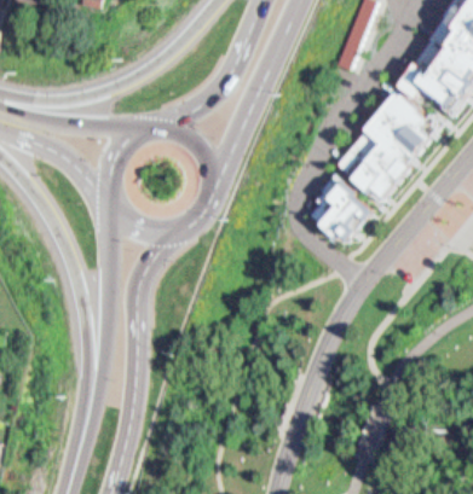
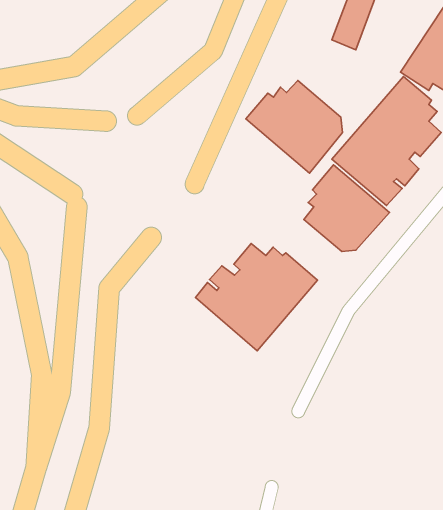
building: none -> [246,81,343,173]
building: none -> [196,243,318,351]

